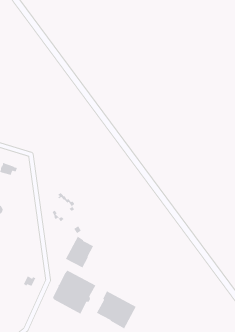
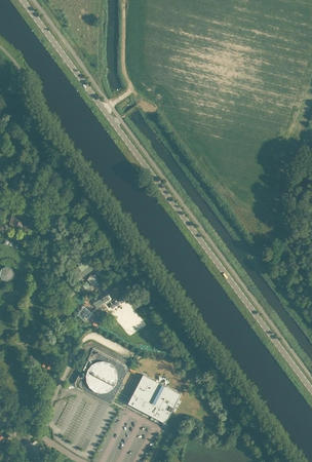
building: [65,236,94,269] -> none

